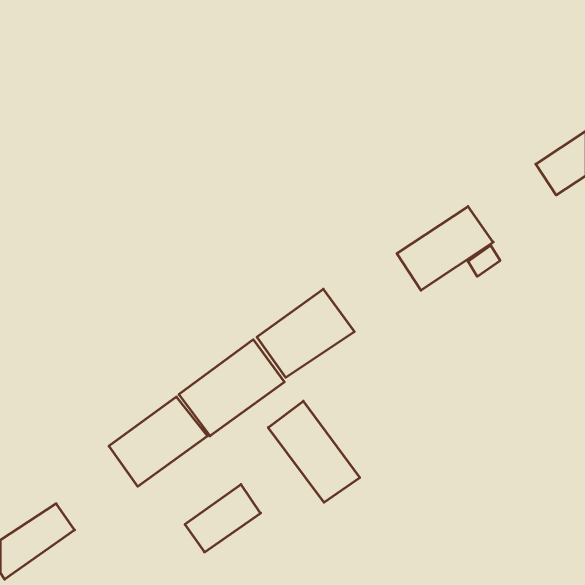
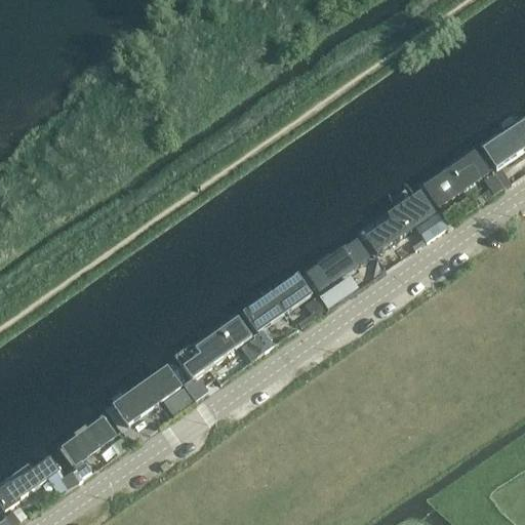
building: none -> [421,146,496,215]
building: none -> [297,228,376,298]
building: [268,401,360,502] -> none
building: [185,484,261,552] -> [54,411,122,472]

